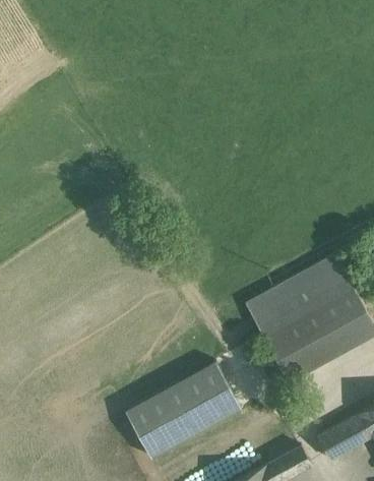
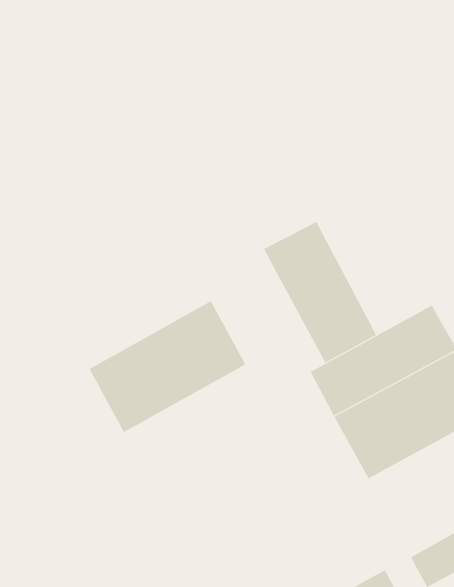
building: none -> [263,221,377,364]
building: [129,359,244,456] -> [89,301,246,433]

